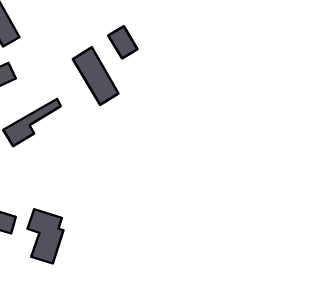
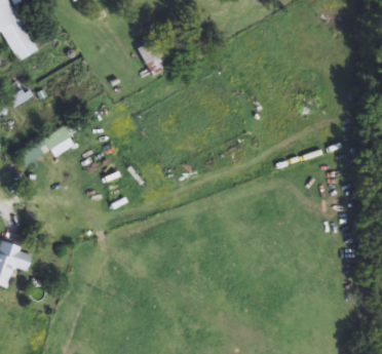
building: [73,47,118,105] -> none
building: [27,209,64,263] -> none

